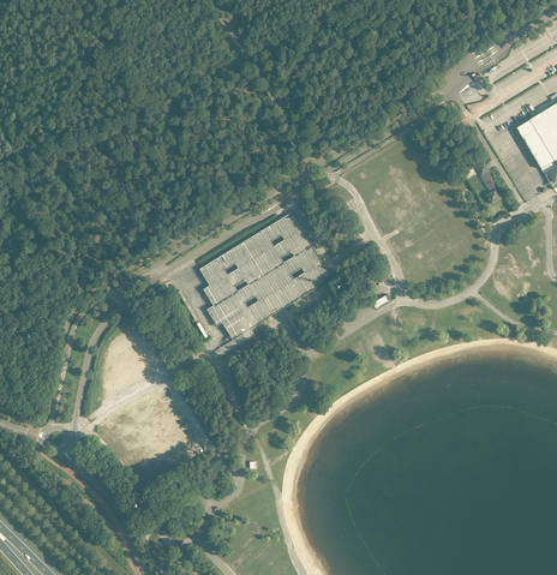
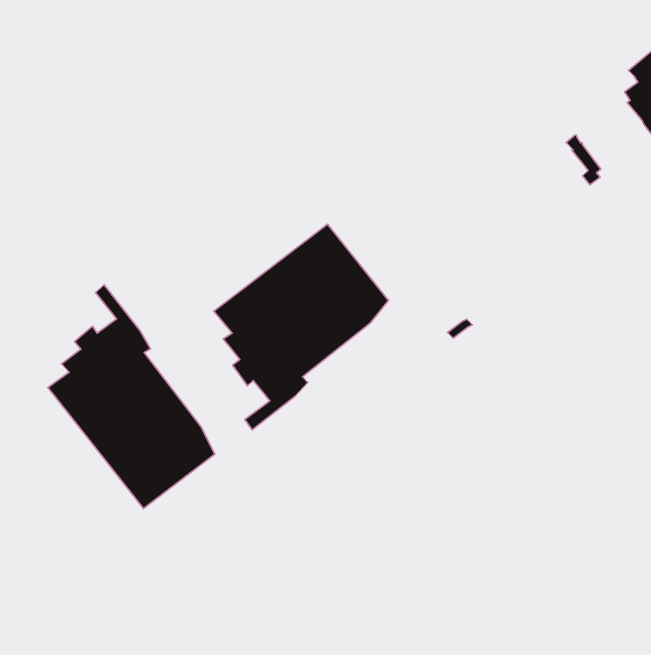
building: none -> [48,285,215,509]

